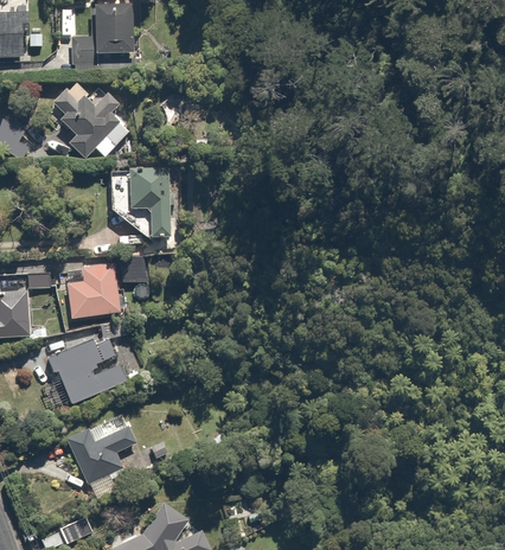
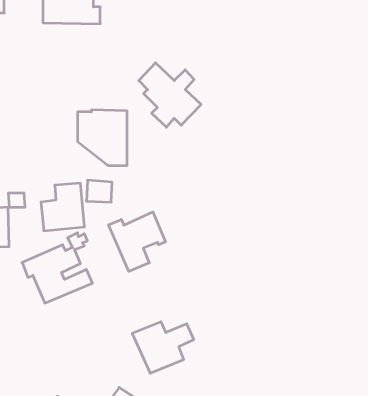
building: [55,82,129,159] -> [139,63,201,127]
building: none -> [109,212,165,271]
building: [65,423,139,485] -> [132,322,194,373]

